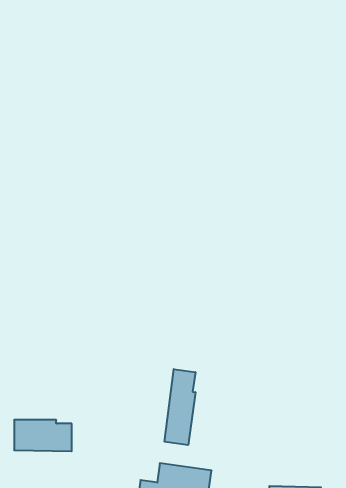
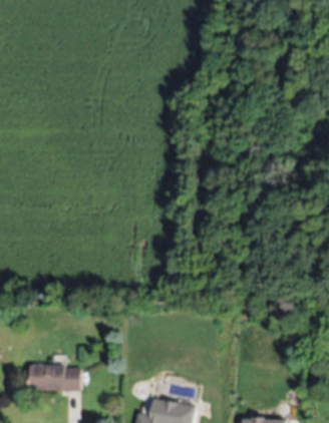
building: [165,369,195,445] -> none

